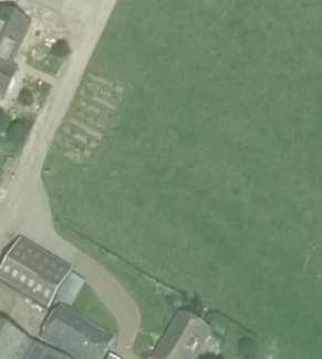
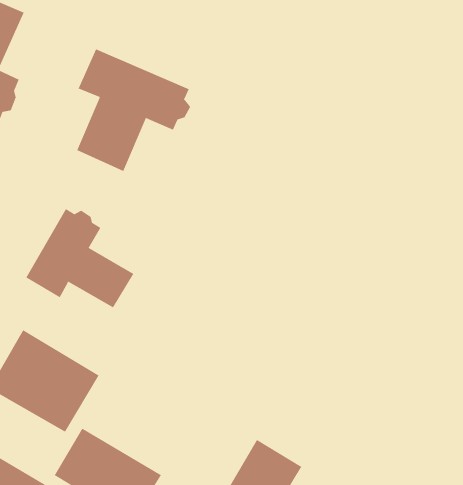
building: none -> [76,49,191,172]
building: none -> [26,208,134,308]

